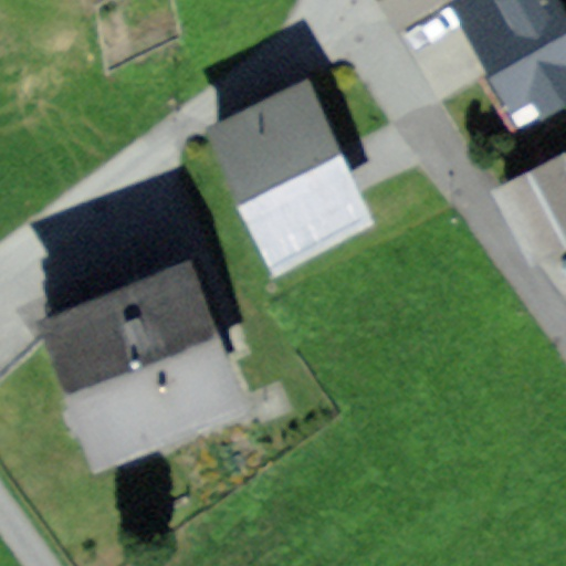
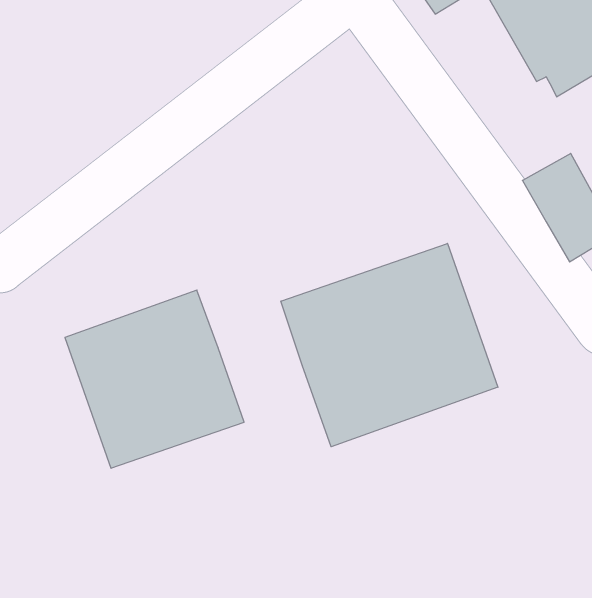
building: [228,88,360,253] -> none
building: none -> [281,243,498,447]

